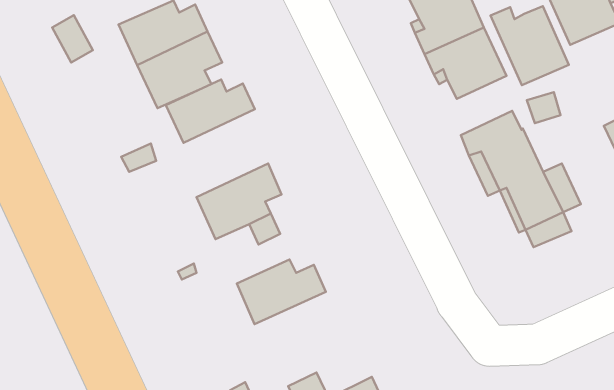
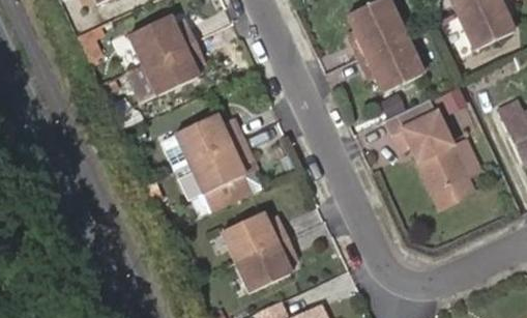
building: [491,6,569,85] -> none
building: [166,79,255,143] -> [173,118,241,167]
building: none -> [231,239,296,297]

